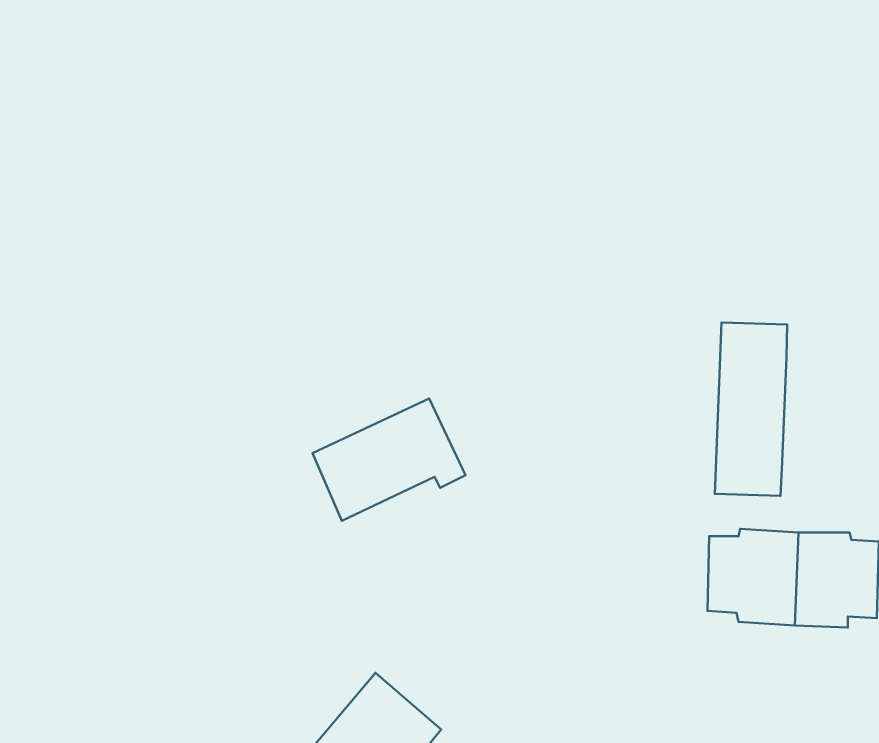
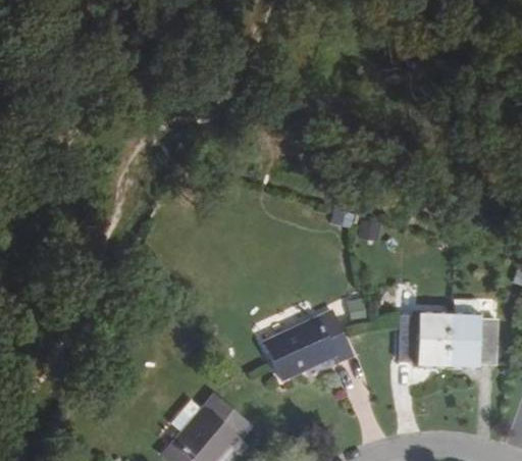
building: [715,323,787,496] -> none
building: [313,399,466,521] -> [265,310,351,378]

